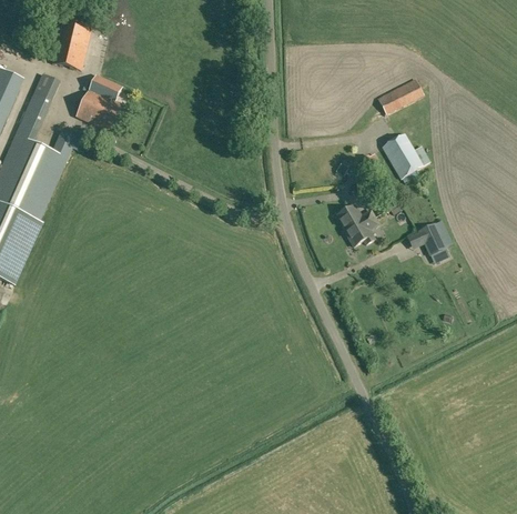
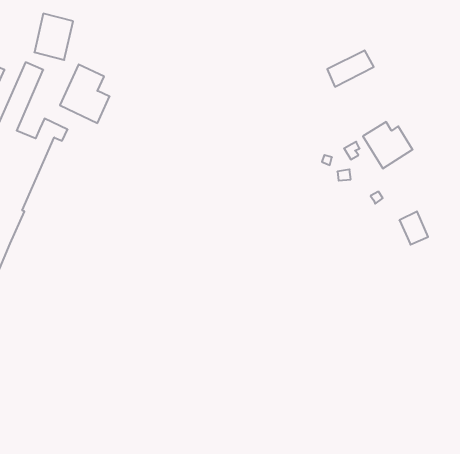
building: [377,78,424,114] -> [327,50,374,87]
building: [337,204,378,245] -> none

